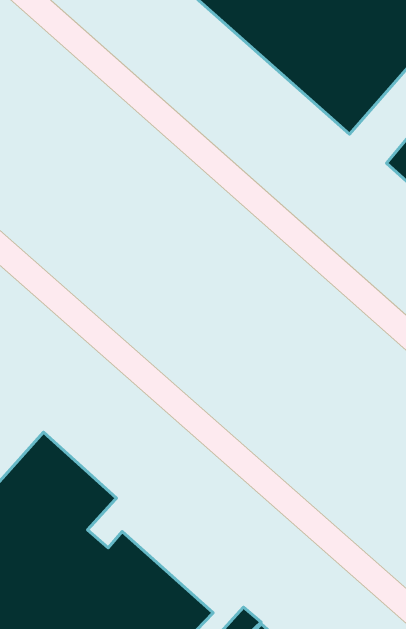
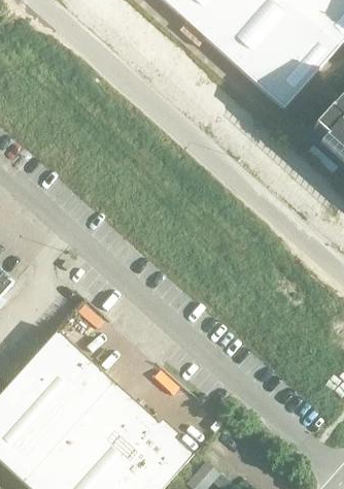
building: none -> [90,380,193,464]

